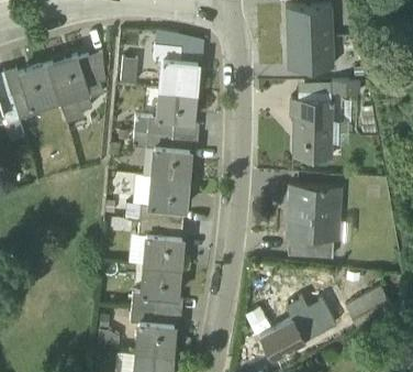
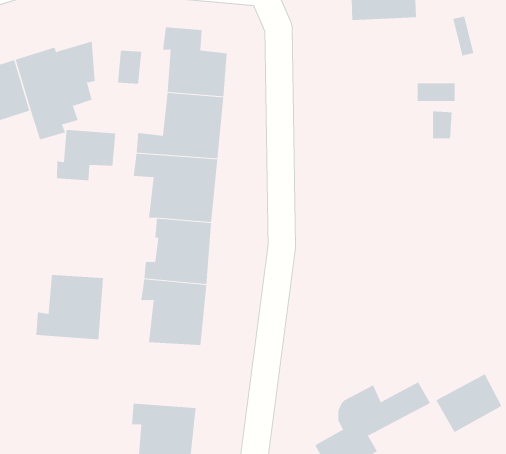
building: [287,36,334,69] -> none
building: [291,101,333,160] -> none
building: none -> [57,129,116,181]
building: [288,186,354,260] -> none
building: [132,266,180,313] -> [35,275,104,340]

